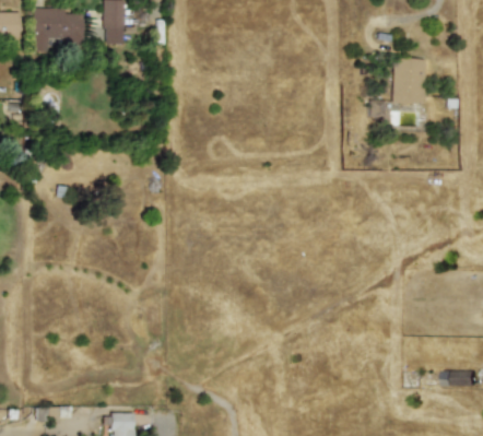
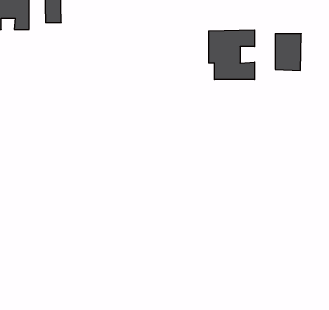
building: none -> [209,30,255,80]

